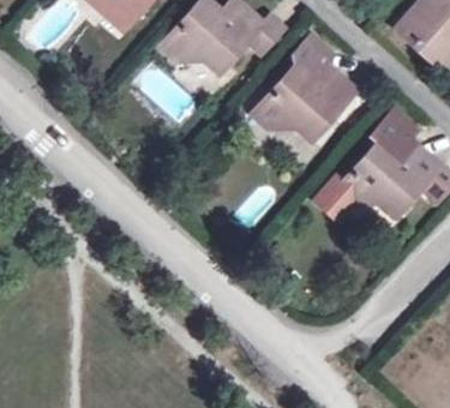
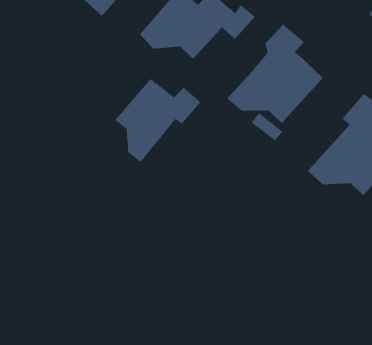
building: none -> [115,78,201,163]

